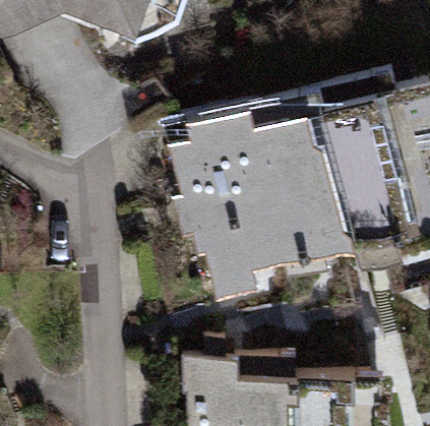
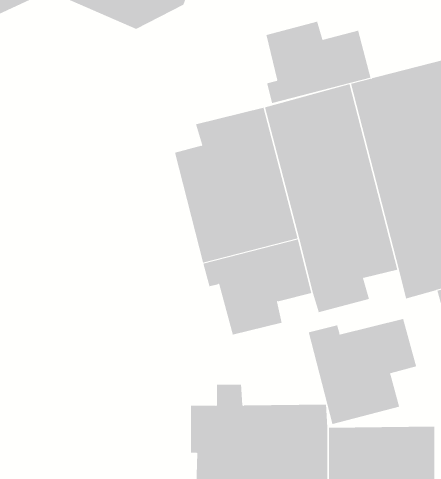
building: none -> [266,21,371,104]
building: none -> [308,318,417,425]

